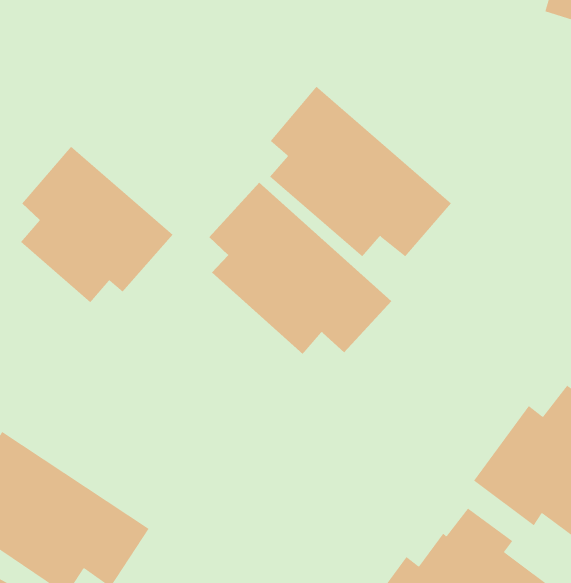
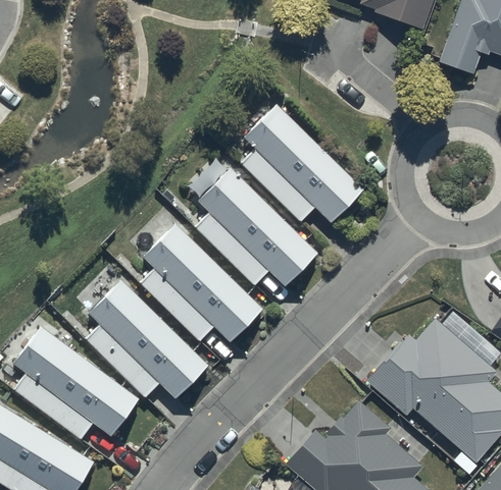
building: [20,146,173,303] -> none
building: none -> [140,223,263,342]
building: none -> [86,279,207,399]

